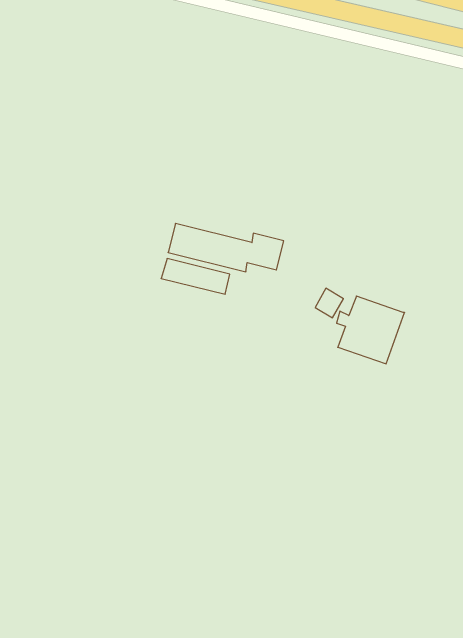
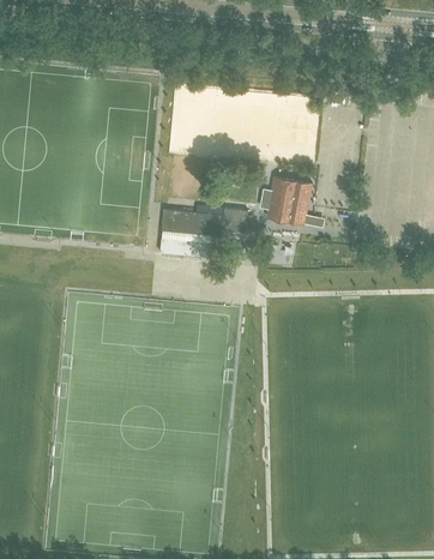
building: [337,296,405,364] -> [258,178,308,226]

